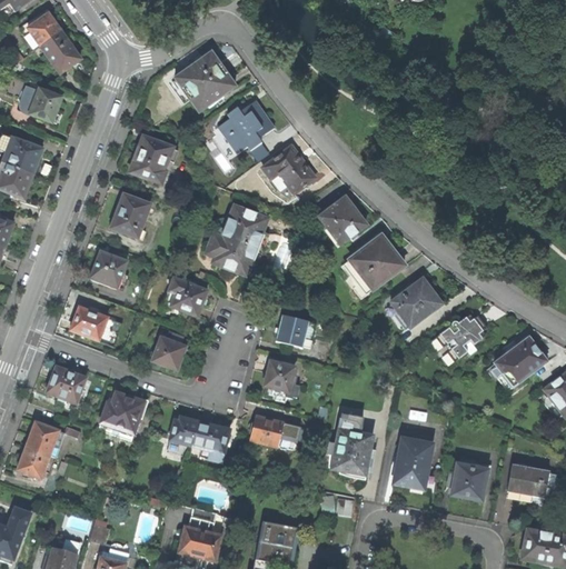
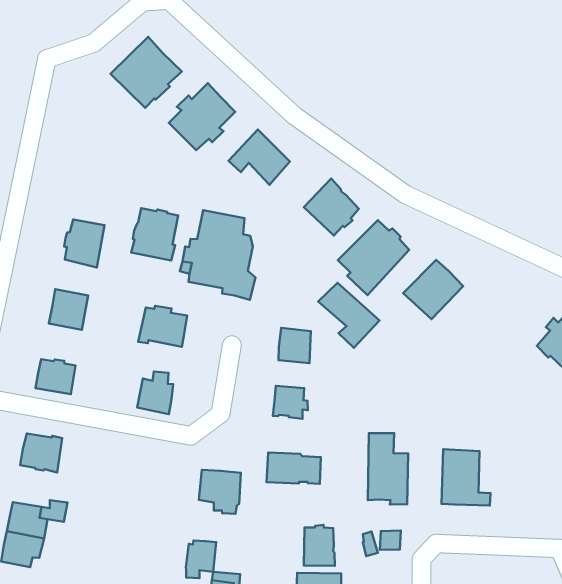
building: [129,134,173,182] -> [131,208,178,261]
building: none -> [318,283,379,348]
building: [438,313,487,359] -> none
building: [99,391,148,440] -> none
building: [168,416,198,448] -> [186,541,216,578]
building: [448,458,488,498] -> none
building: none -> [304,525,335,566]

